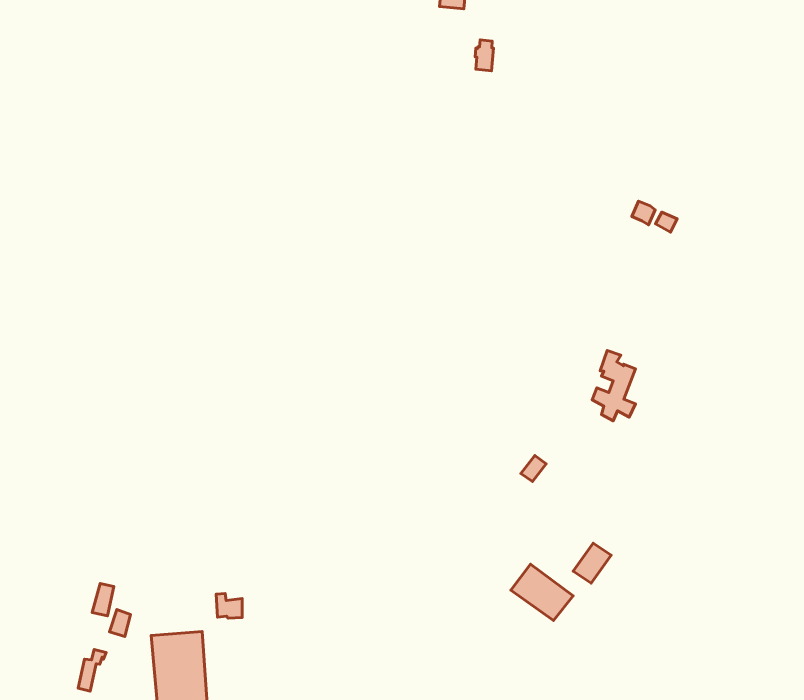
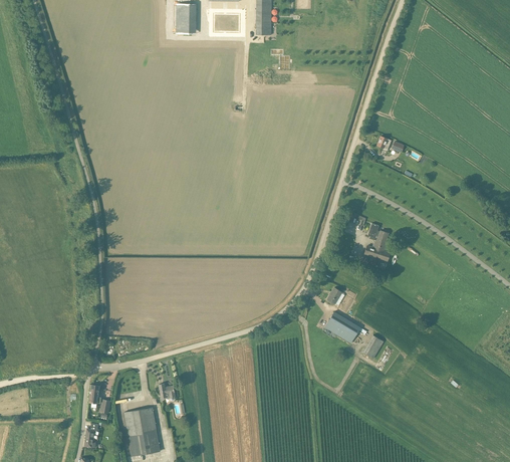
building: [511,564,573,620] -> [324,311,360,342]

